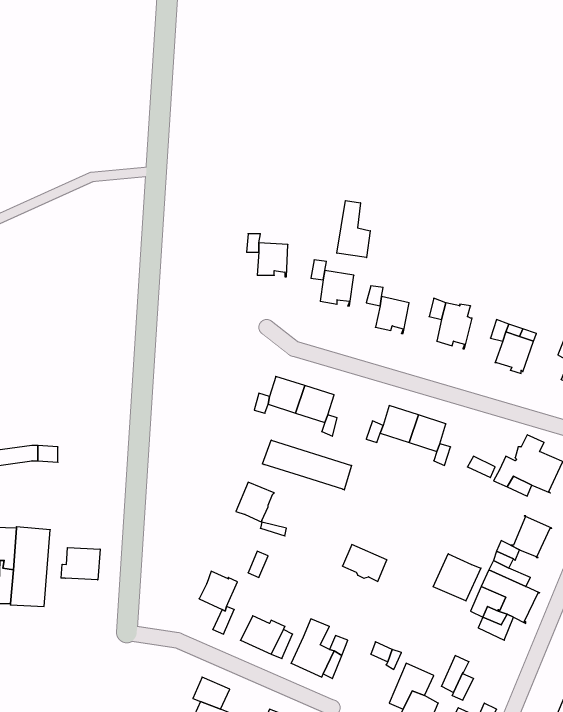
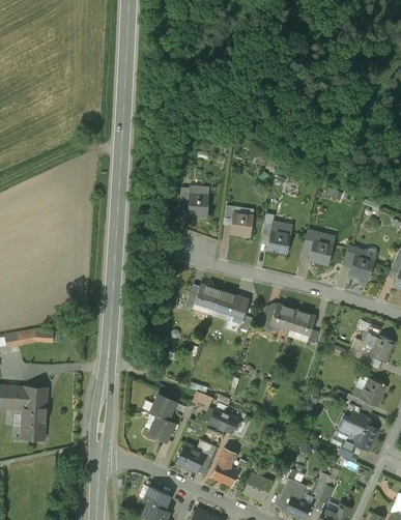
building: [337,201,370,258] -> none
building: [262,440,352,490] -> none
building: [236,482,274,522] -> [150,394,176,421]
building: [342,545,387,581] -> [208,408,238,433]
building: [61,548,100,580] -> none
building: [433,554,481,601] -> none
building: none -> [242,472,271,500]

